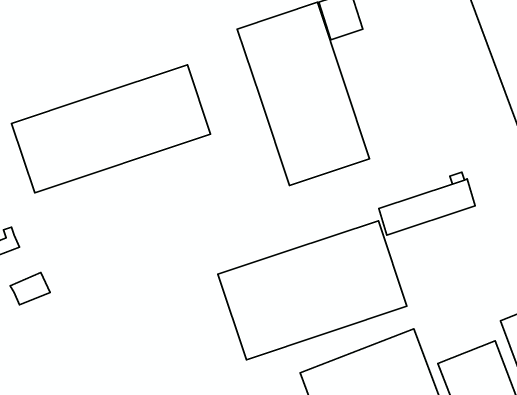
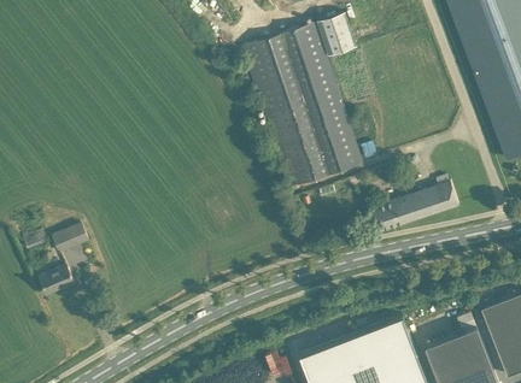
building: [12,65,210,193] -> none
building: [218,221,407,360] -> none
building: none -> [52,225,87,254]

